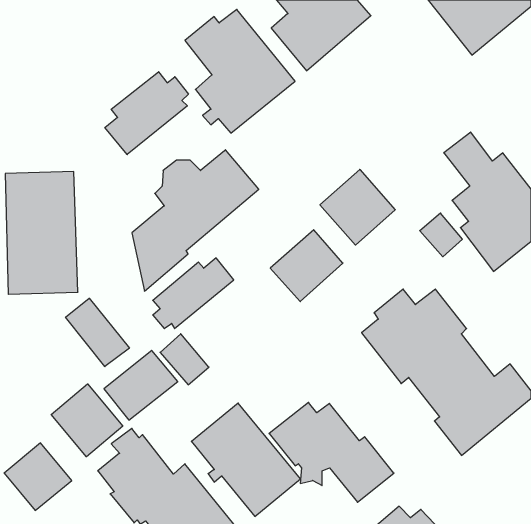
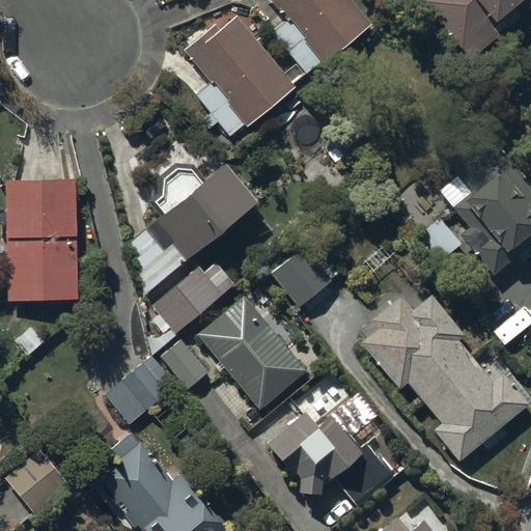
building: [105,72,188,155] -> none
building: [320,169,395,245] -> none
building: [66,298,129,367] -> none
building: [51,384,123,457] -> none
building: [191,403,301,516] -> [197,296,306,409]

